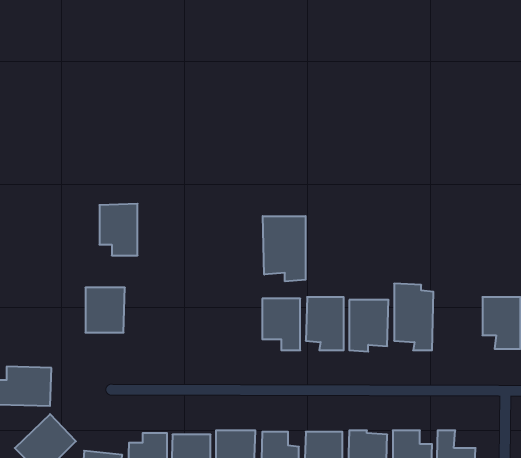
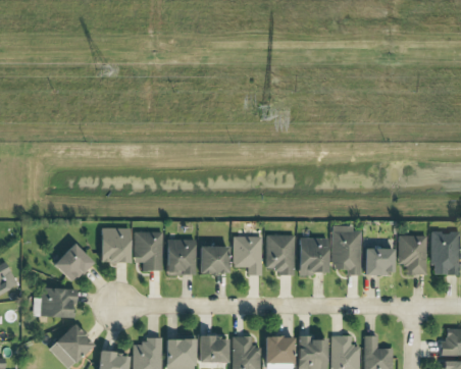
building: [99,204,138,255] -> [135,231,163,270]
building: [263,216,306,281] -> none
building: none -> [167,240,196,274]
building: none -> [53,243,92,282]
building: none -> [200,245,228,273]
building: none -> [365,248,394,273]

